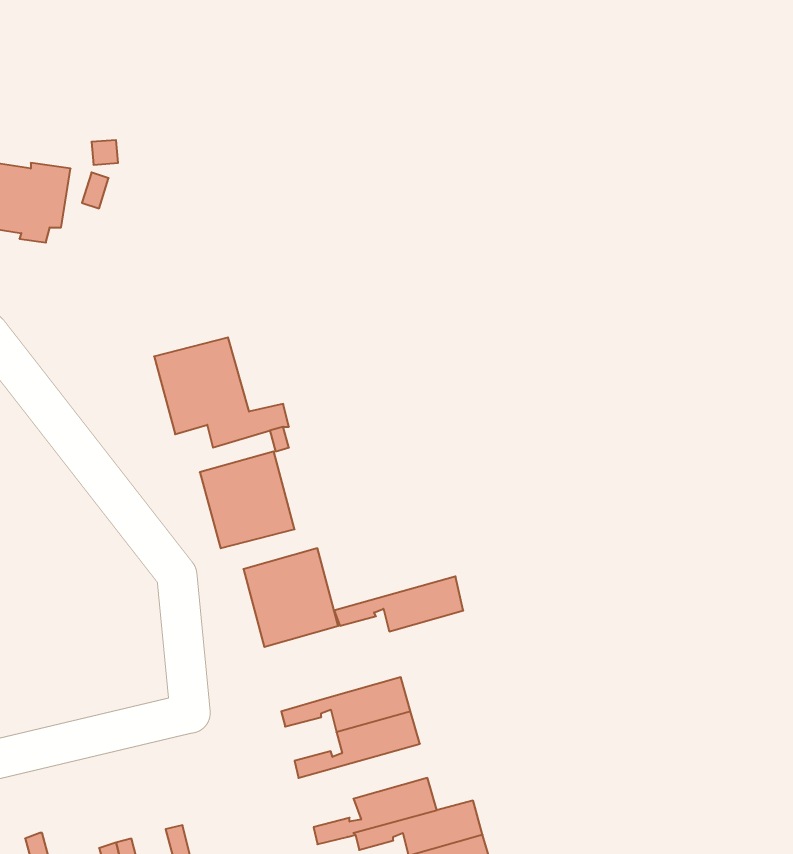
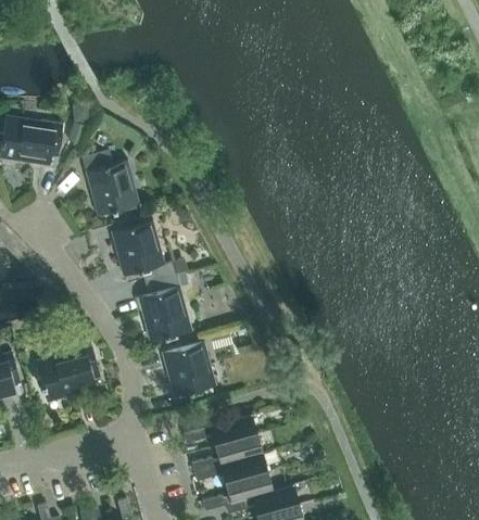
building: none -> [85,160,139,215]
building: none -> [37,345,100,399]
building: [334,576,463,631] -> [193,453,267,484]

